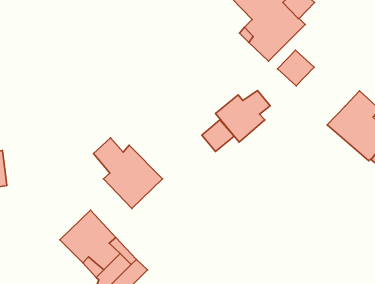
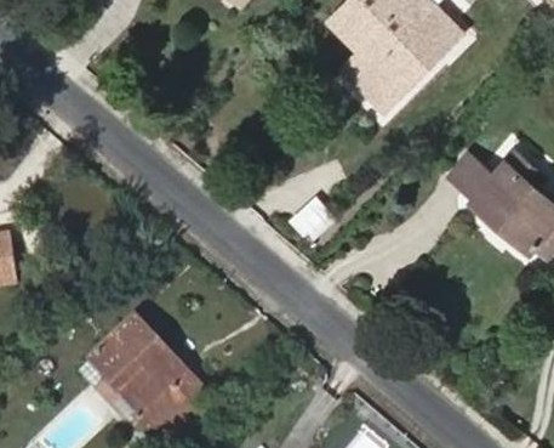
building: [277,50,314,86] -> [444,147,496,198]
building: [215,91,270,142] -> none
building: [94,138,163,209] -> none

